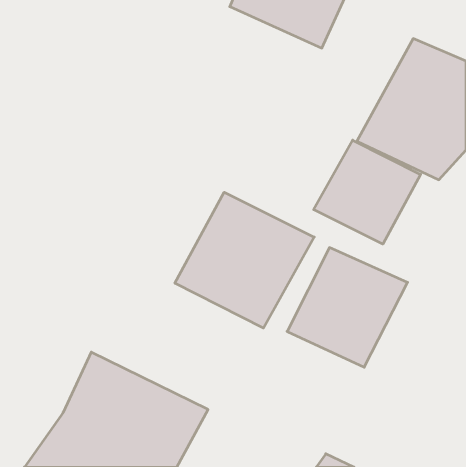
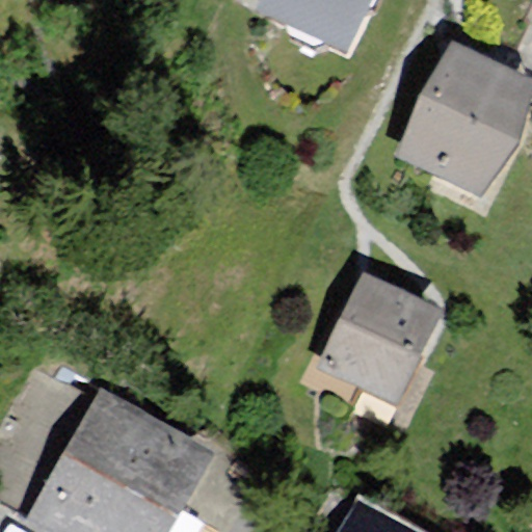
building: [314,140,421,244] -> none
building: [175,192,314,328] -> none

